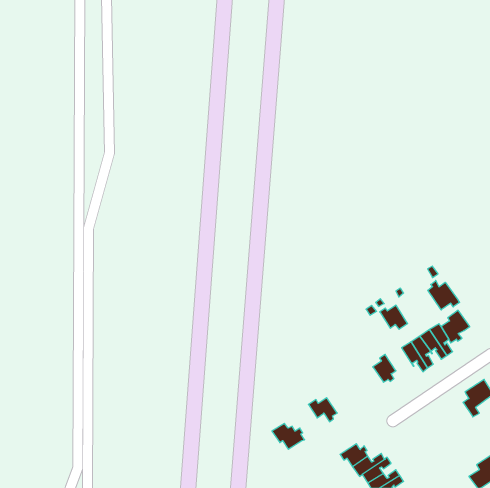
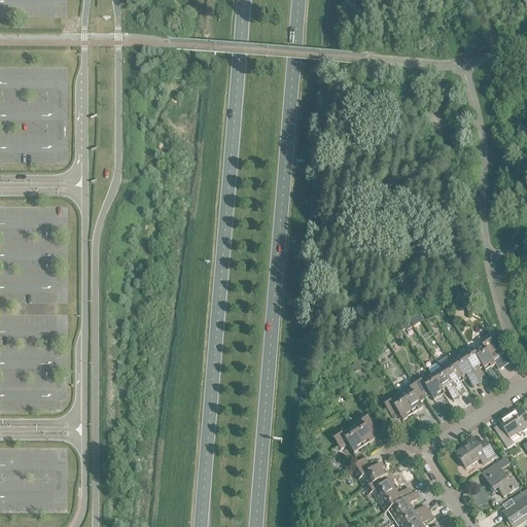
building: [428,280,460,310] -> none
building: [380,305,408,329] -> [414,373,444,398]
building: none -> [382,393,412,419]
building: none -> [351,412,377,443]
building: none -> [456,436,495,466]
building: [272,423,305,449] -> [351,457,386,485]
building: none -> [486,456,519,496]

